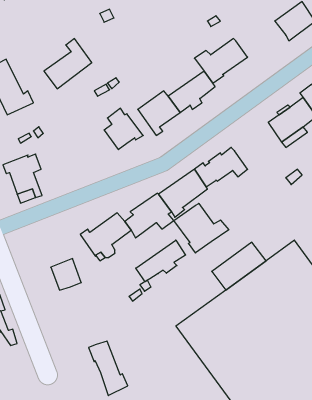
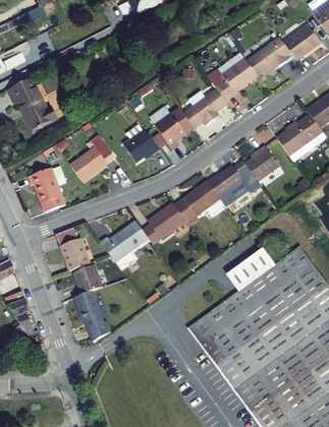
building: none -> [246,38,293,76]
building: [44,39,92,89] -> [70,135,115,182]
building: none -> [245,146,280,181]
building: [174,203,229,253] -> none
building: none -> [60,239,90,270]
building: [136,240,186,282] -> none
building: [89,341,128,396] -> [74,291,111,342]

